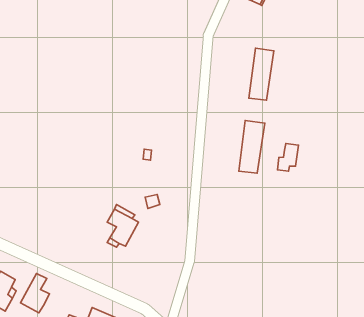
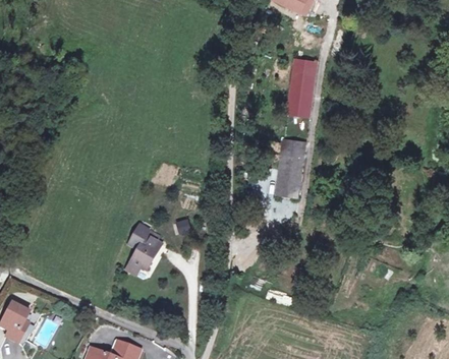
building: [277,143,299,171] -> none
building: [20,273,49,313] -> none

